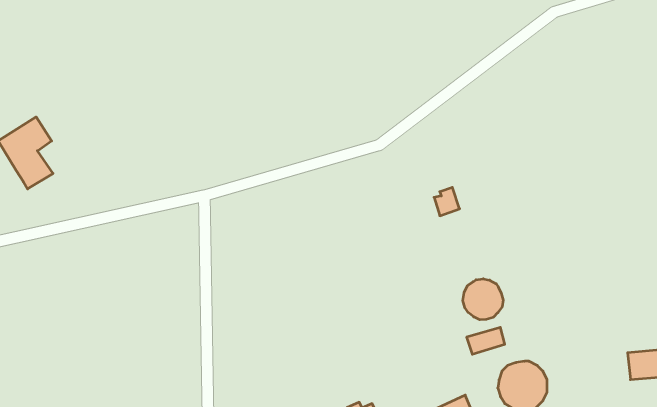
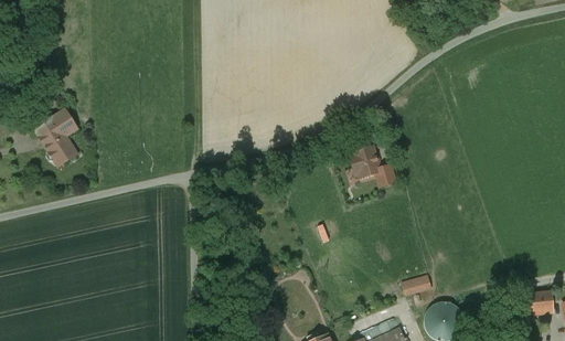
building: none -> [349,146,381,177]
building: [463,279,503,320] -> none

